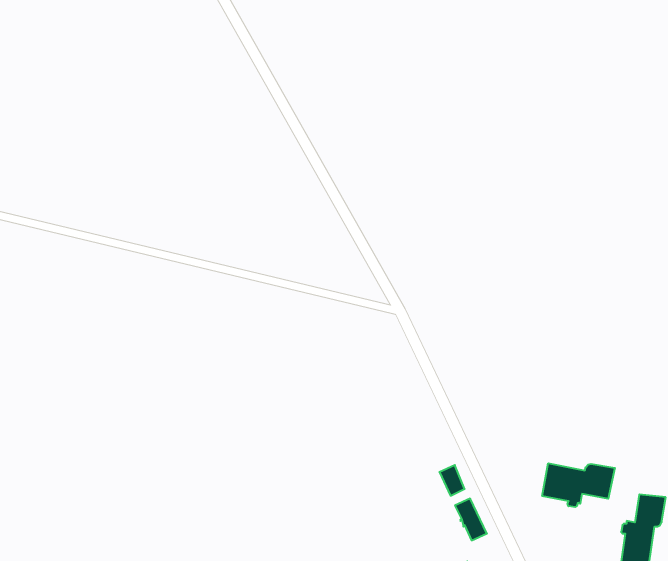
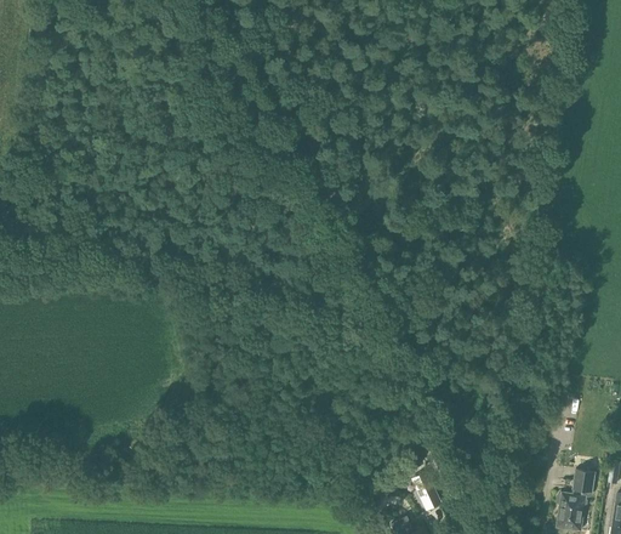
building: [542,463,615,507] -> none

